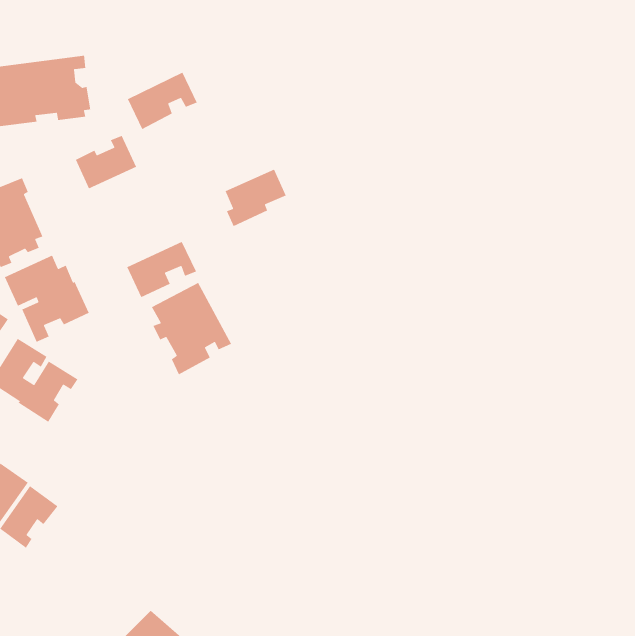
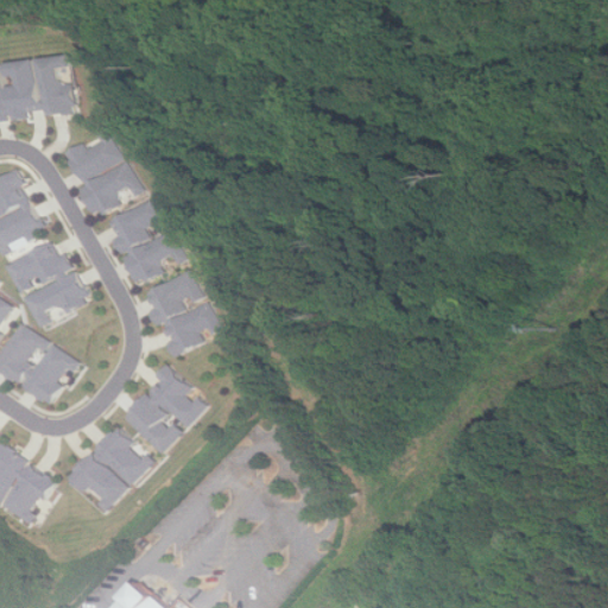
building: [127,72,198,130] -> [80,162,147,217]
building: [225,169,287,227] -> [109,198,169,254]
building: none -> [119,365,203,454]
building: none -> [65,426,151,508]

